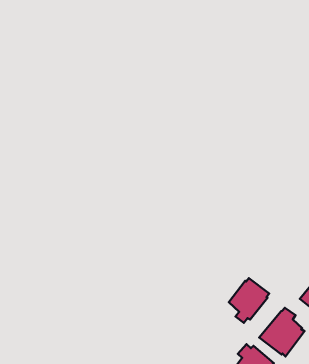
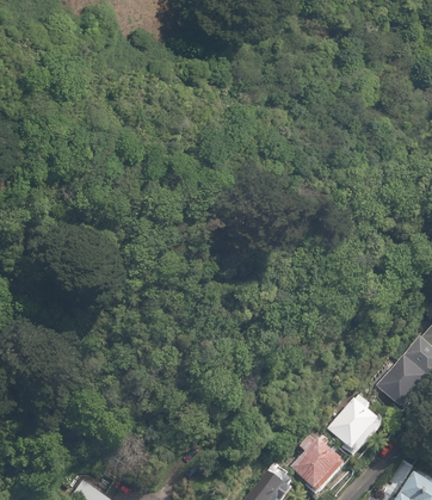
building: [229,278,269,323] -> none

